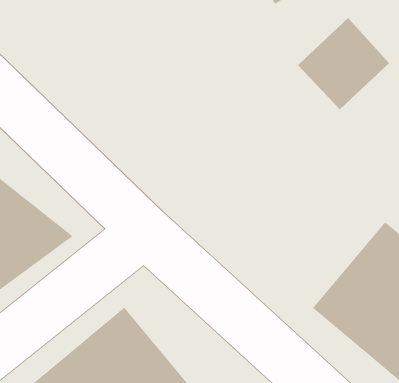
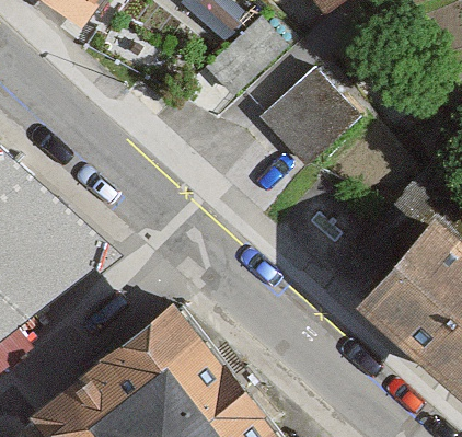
building: [297,17,390,110] -> [261,70,356,165]

